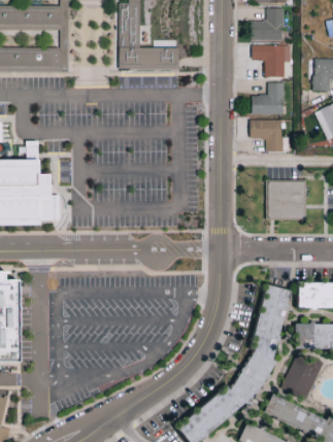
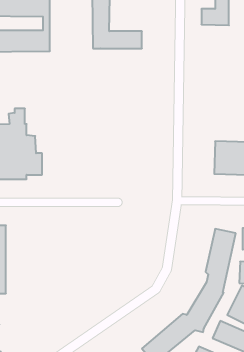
building: [252,44,285,77] -> none
building: [252,82,284,113] -> none
building: [249,120,281,151] -> none

